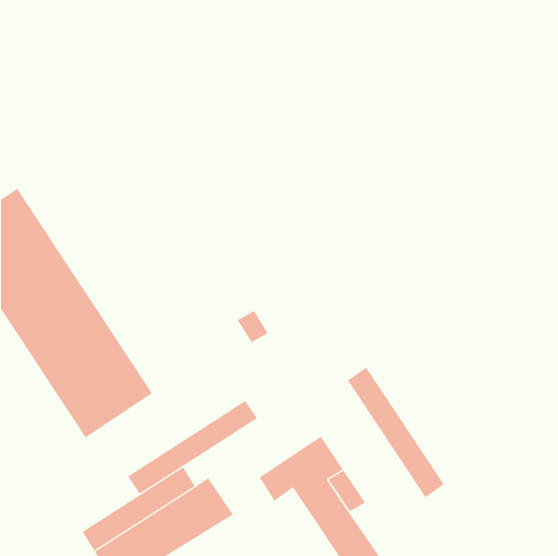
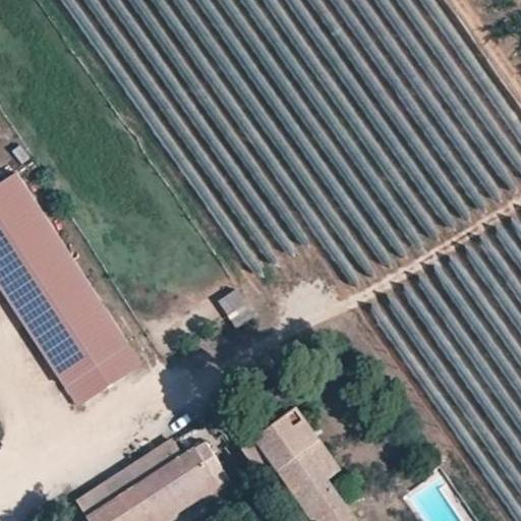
building: [347,367,445,498] -> none
building: [127,400,258,495] -> none

